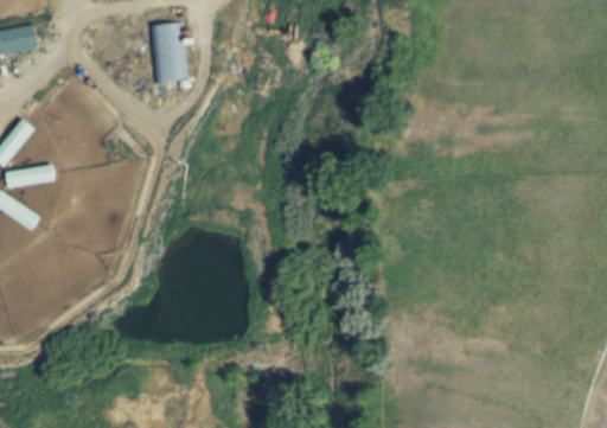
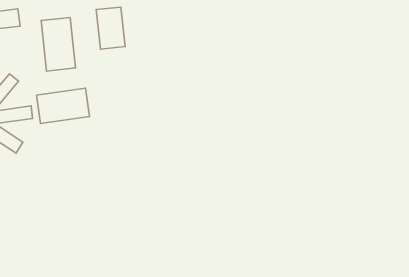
building: none -> [41,17,75,71]
building: none -> [36,88,90,124]

